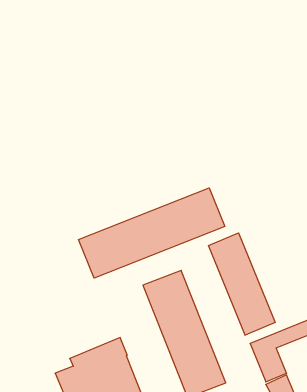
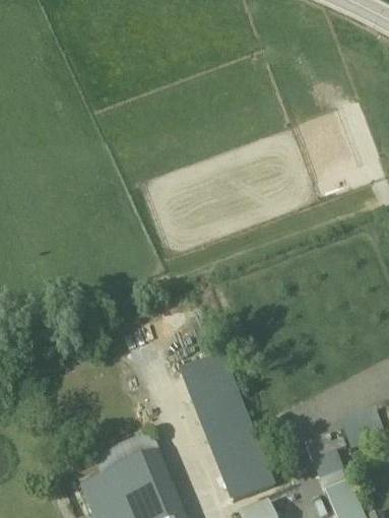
building: [79,188,225,278] -> none
building: [208,233,275,335] -> none

